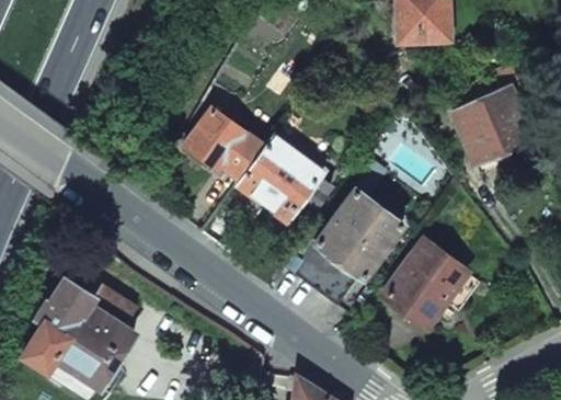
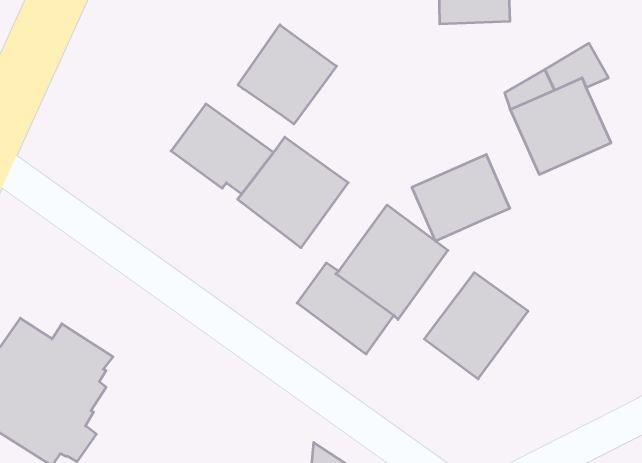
building: none -> [238,25,337,124]
building: none -> [412,154,510,241]

